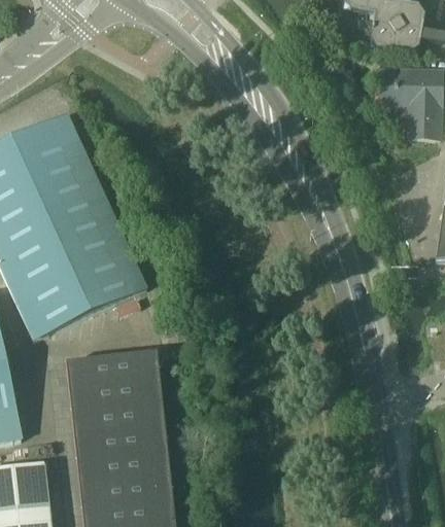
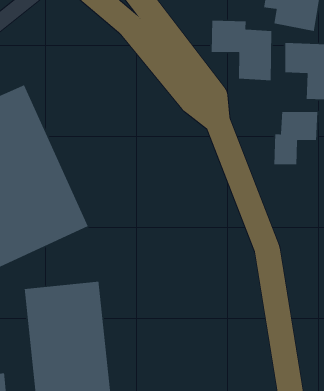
building: none -> [211,20,272,81]
building: none -> [274,111,318,165]

